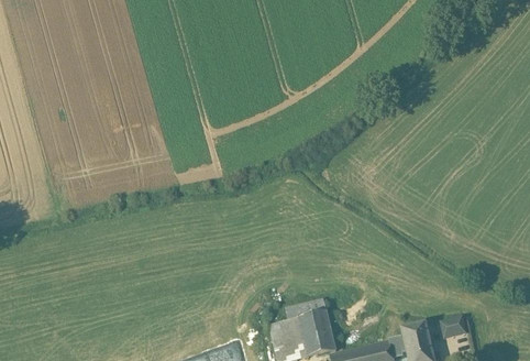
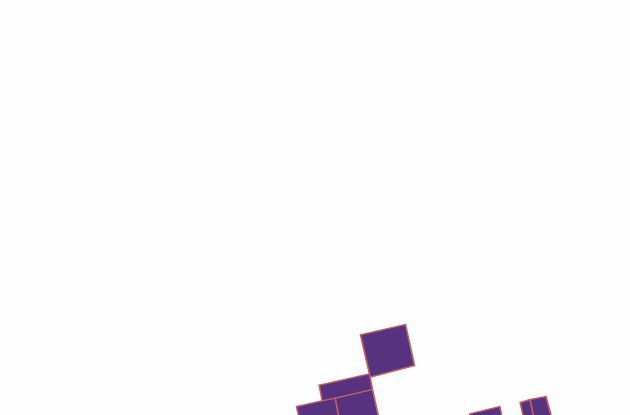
building: none -> [361,324,414,377]

